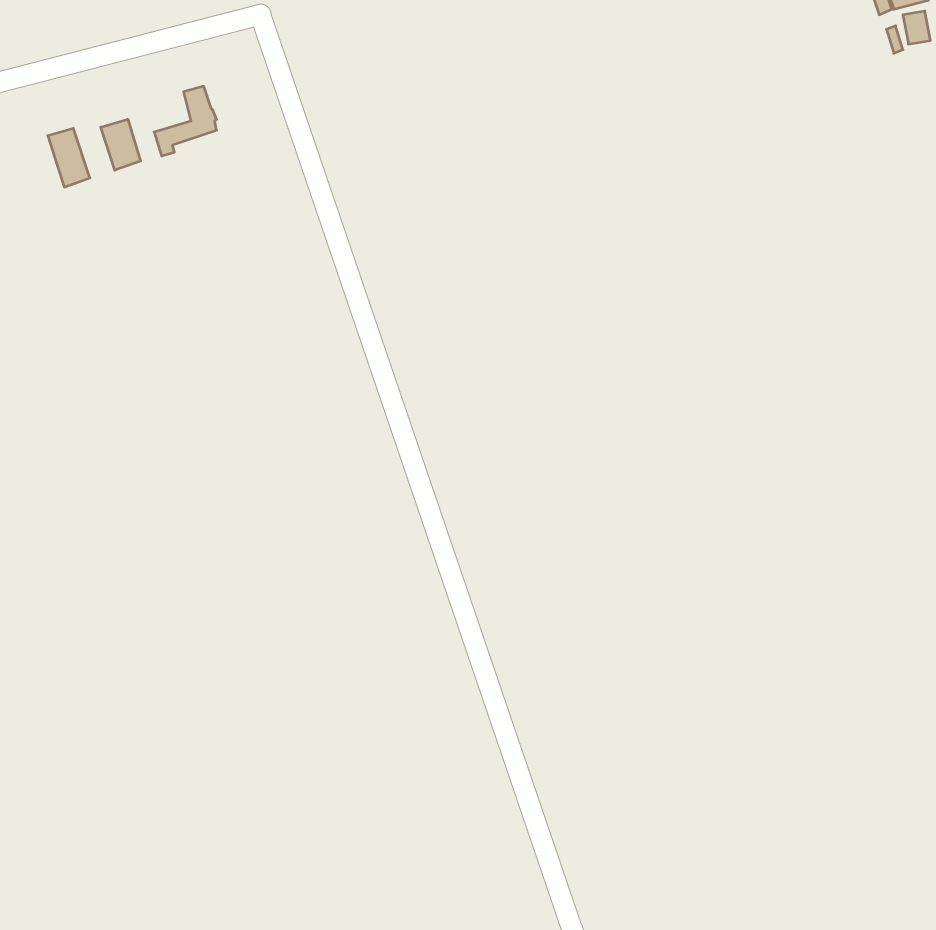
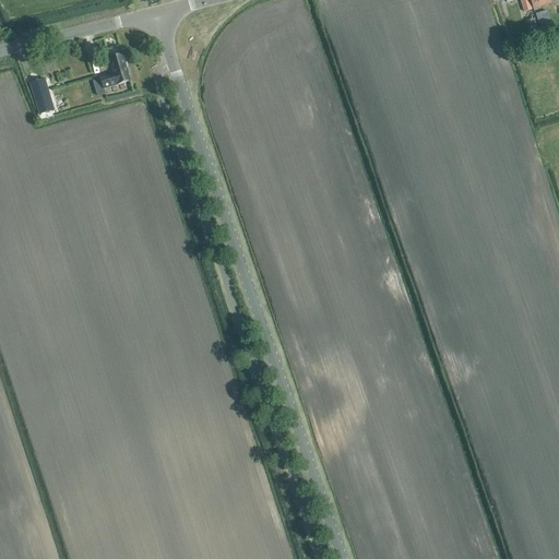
building: [101,119,141,170] -> none

